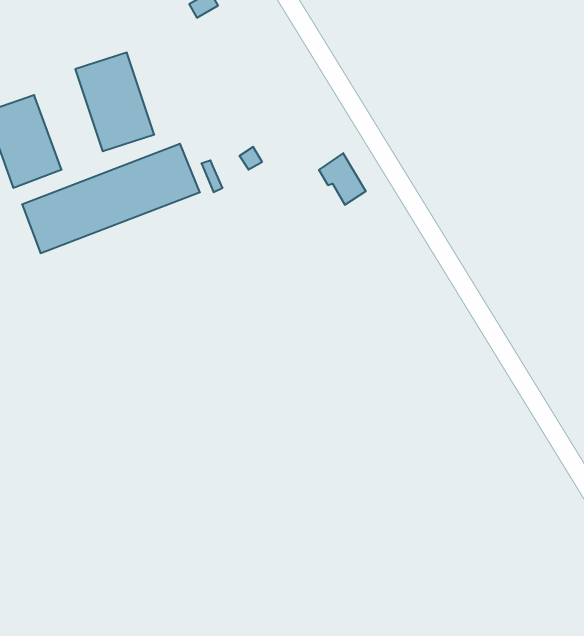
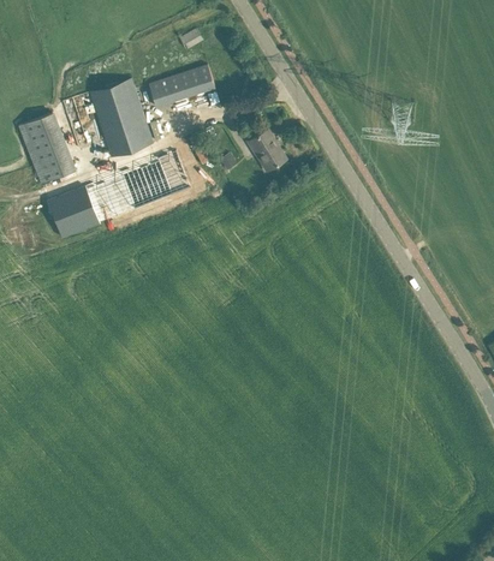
building: none -> [149,65,215,107]
building: [319,153,366,205] -> [249,130,286,171]

